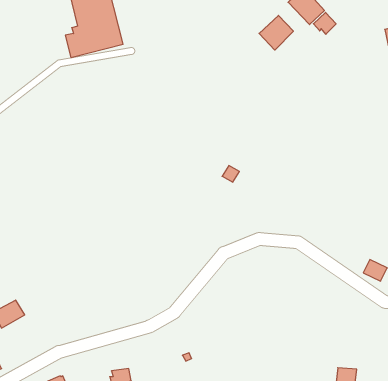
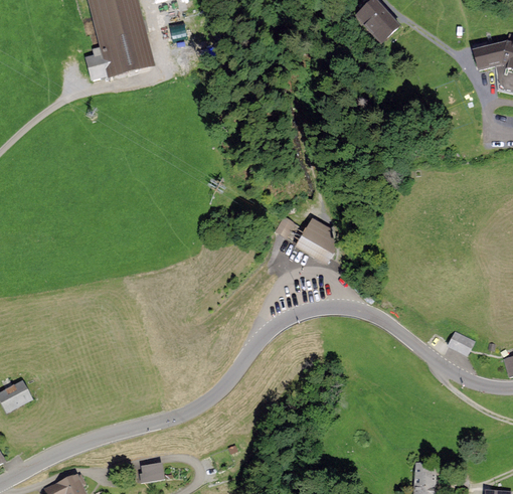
building: [313,12,336,34] -> none
building: [259,15,293,50] -> none
building: none -> [296,217,335,263]

